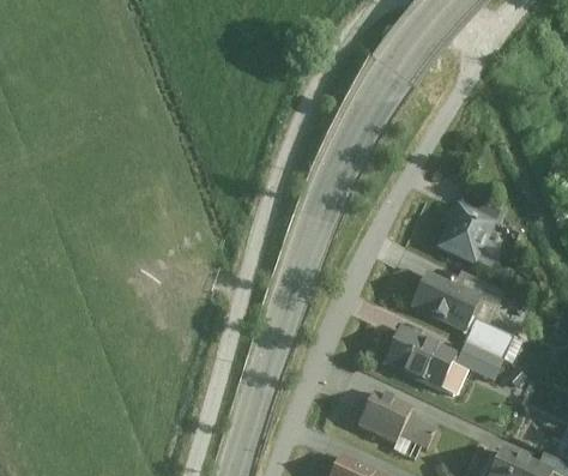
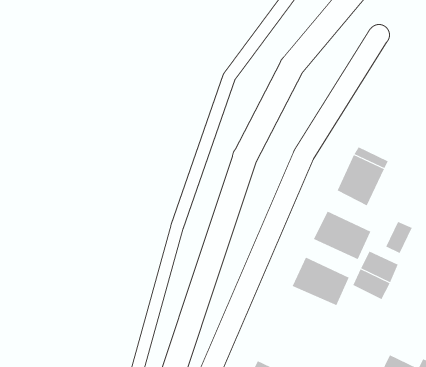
building: none -> [386,221,413,254]
building: [356,390,436,448] -> none

